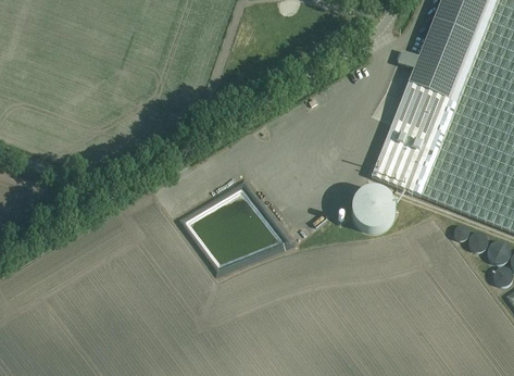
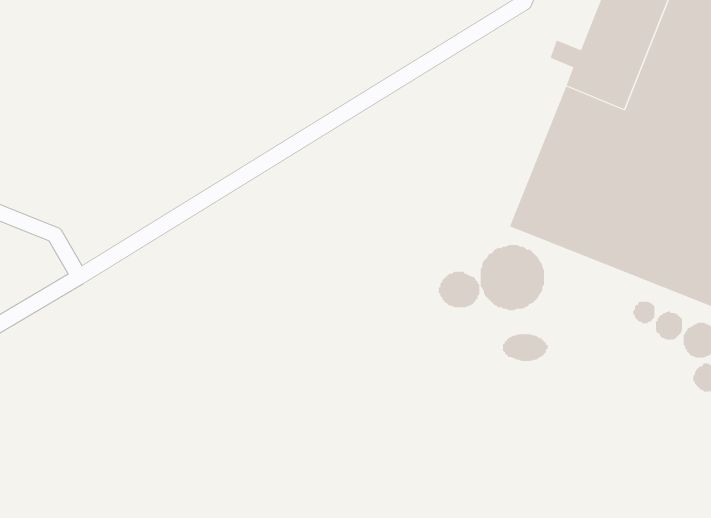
building: none -> [438,271,480,308]
building: none -> [502,334,548,362]

